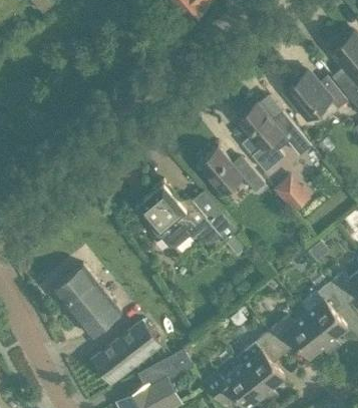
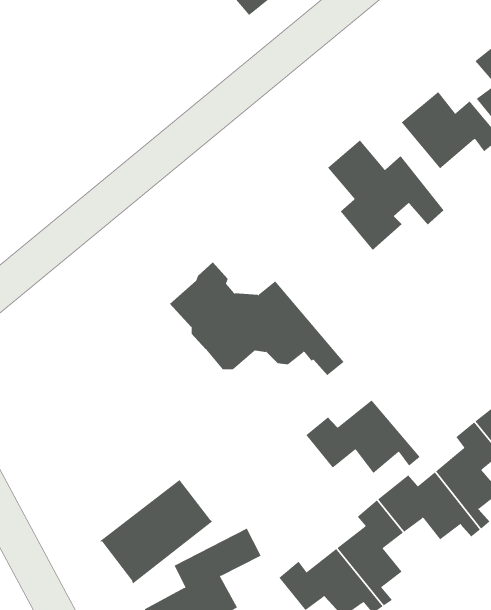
building: [198,145,269,195] -> none
building: [276,172,314,212] -> none
building: [52,266,121,337] -> none
building: none -> [305,399,420,474]

